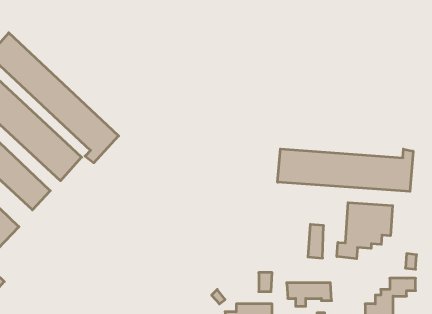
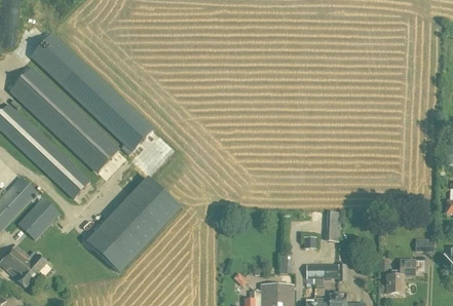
building: [278,149,413,191] -> none
building: none -> [87,178,179,272]
building: [337,203,393,259] -> none

